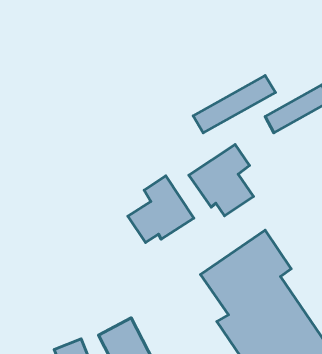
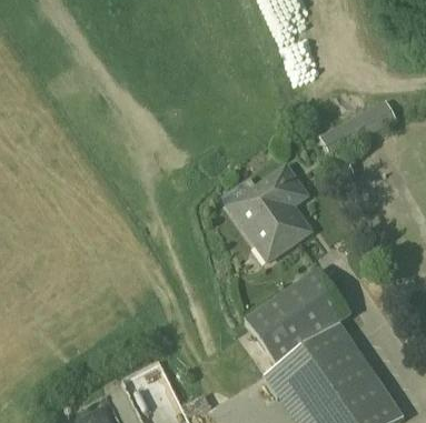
building: [193,76,275,133] -> none
building: [128,176,194,243] -> none

